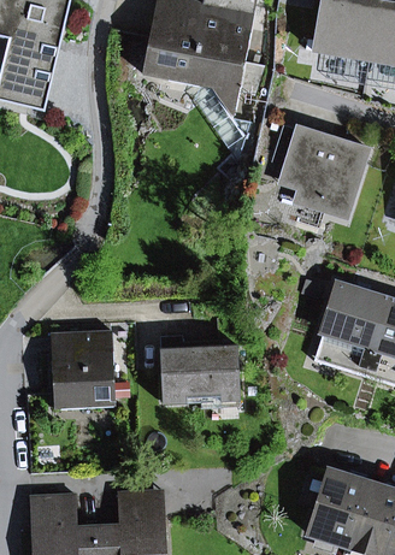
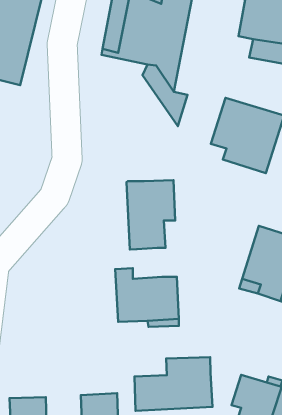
building: none -> [127,180,175,250]
building: [52,330,116,407] -> none
building: none -> [135,357,213,411]

